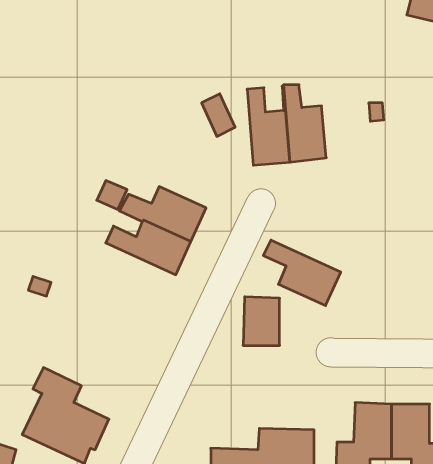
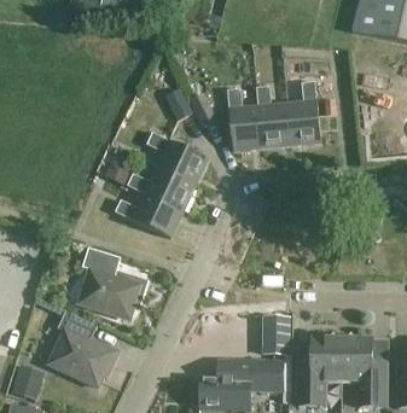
building: none -> [285,80,318,142]
building: [263,240,341,306] -> [144,130,205,182]
building: none -> [76,245,143,318]
building: [243,297,280,345] -> [255,309,284,348]

